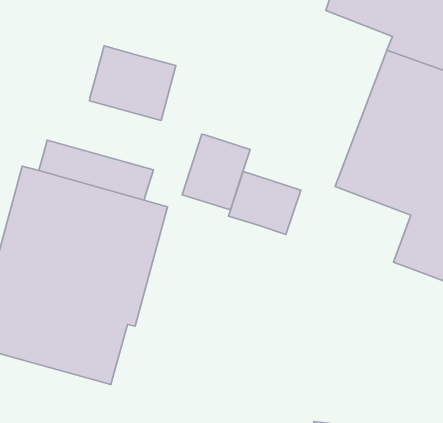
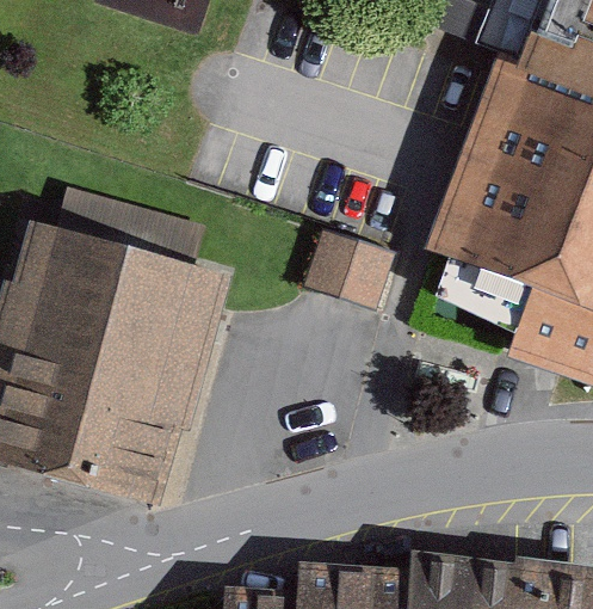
building: [89,46,176,121] -> none
building: [182,134,250,210] -> none

